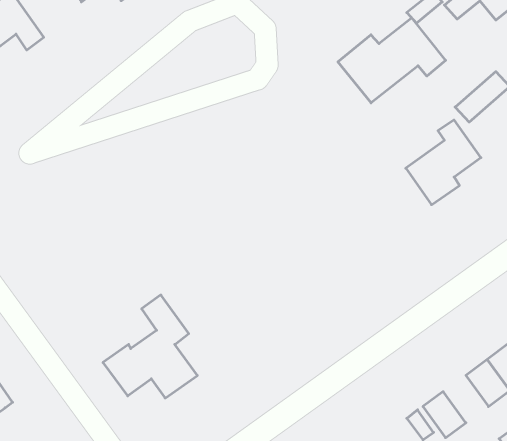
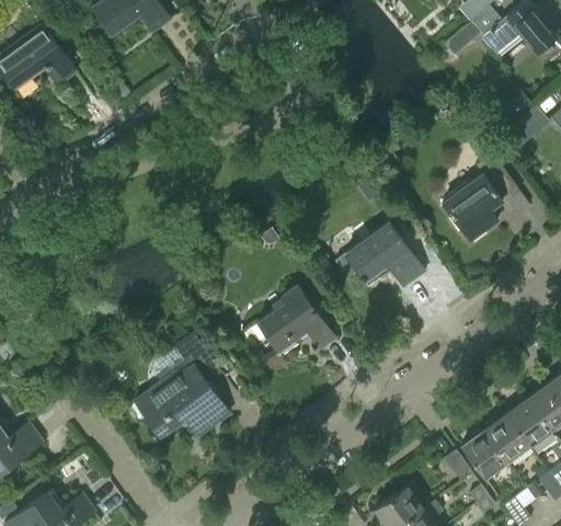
building: [338,18,446,103] -> none
building: none -> [334,224,425,288]
building: none -> [257,286,334,355]
building: none -> [481,415,527,464]

